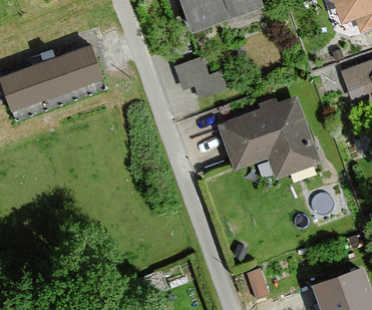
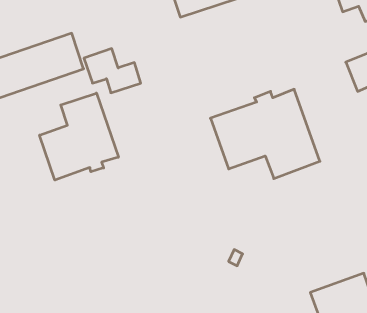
building: [176,58,230,99] -> [84,49,141,93]
building: none -> [40,93,118,180]

